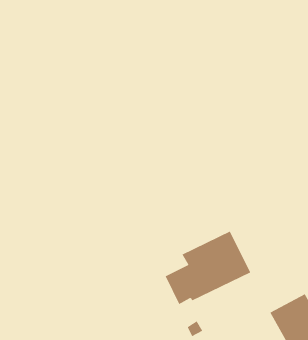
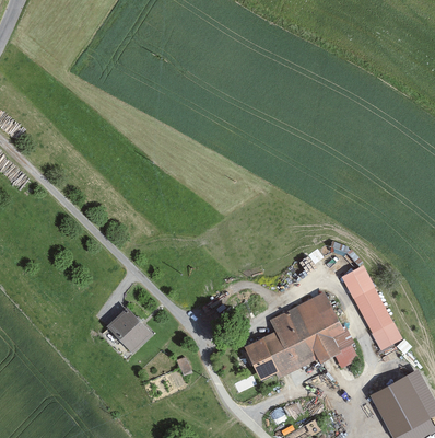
building: none -> [341,263,402,349]
building: none -> [102,308,152,358]

